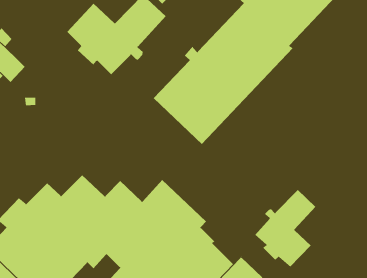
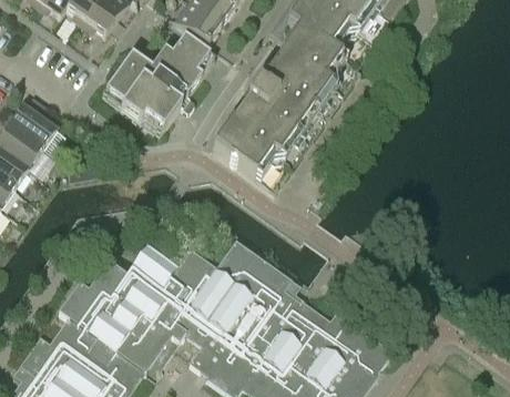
building: [254,189,316,268] -> none

